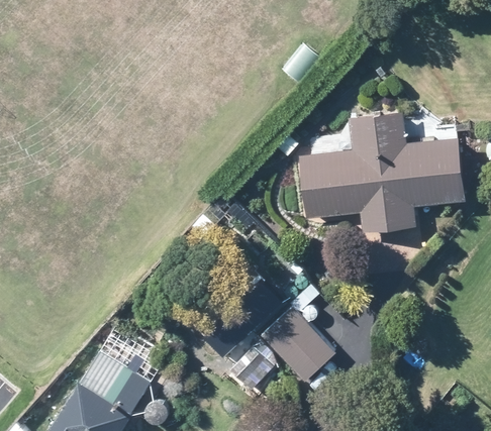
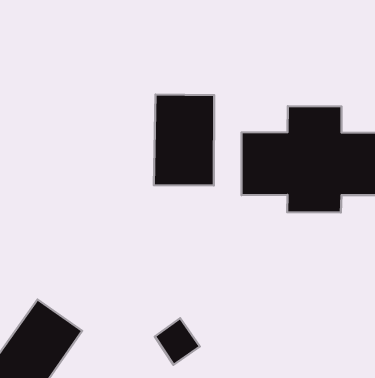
building: none -> [154,95,214,186]
building: [261,305,337,382] -> none

